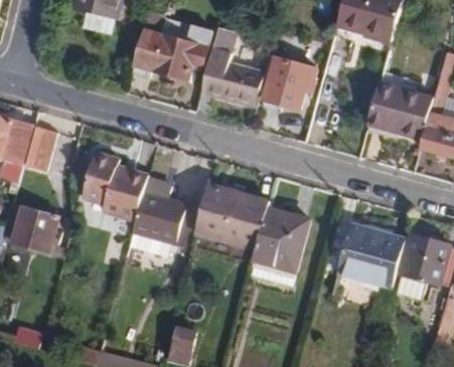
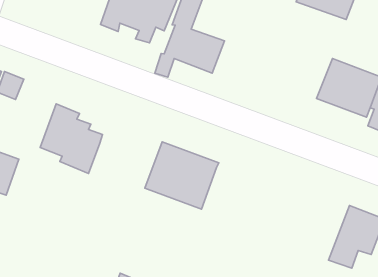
building: [259,55,316,110] -> none
building: [132,190,187,243] -> none
building: [250,205,308,285] -> none
building: [336,224,404,287] -> none

